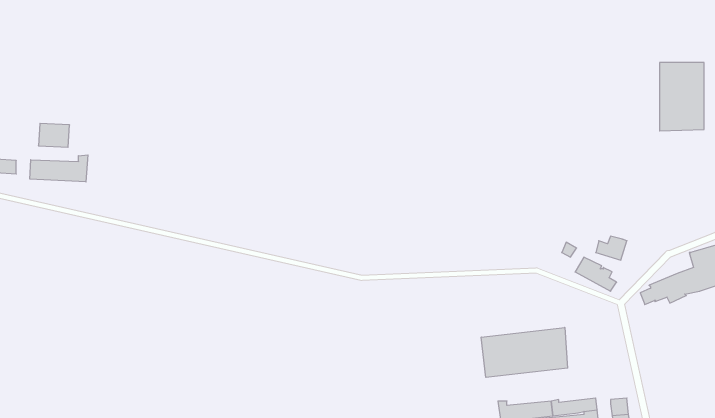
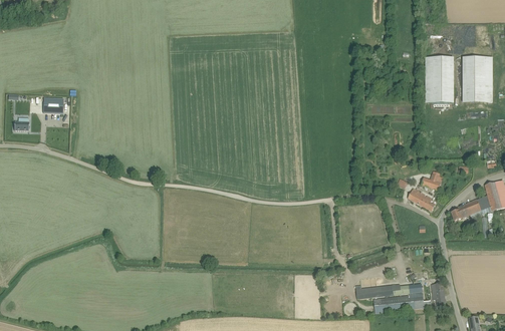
building: none -> [426,56,456,102]
building: [30,155,88,182] -> none
building: [481,327,568,377] -> none

